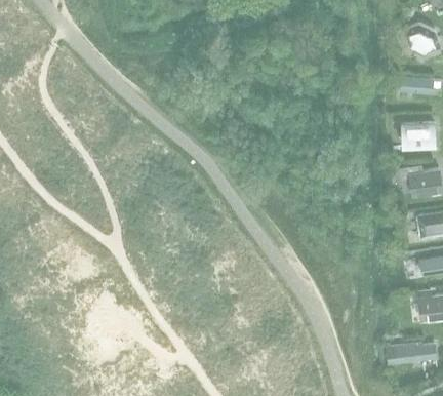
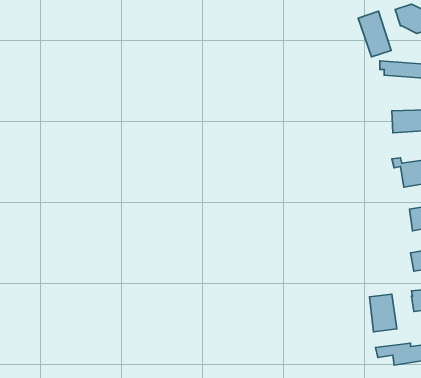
building: none -> [358,11,391,57]
building: none -> [370,294,397,332]

